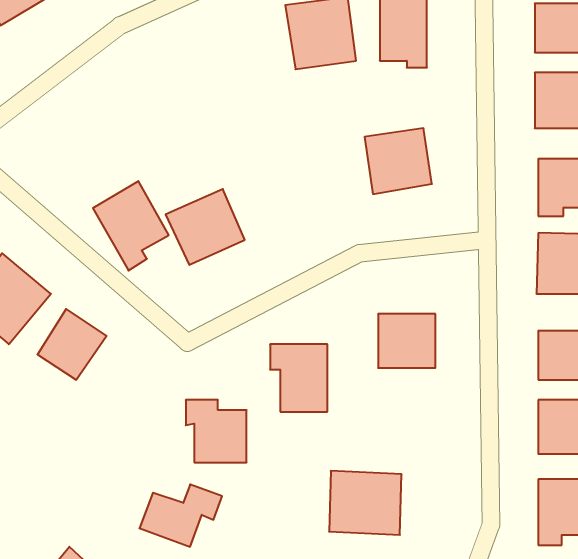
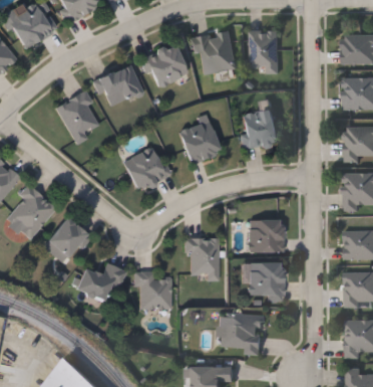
building: none -> [141,43,189,88]
building: none -> [97,64,141,107]
building: none -> [178,119,222,166]
building: [93,181,169,271] -> [54,90,99,144]
building: none -> [250,263,285,299]
building: [139,484,222,547] -> [76,263,125,301]

